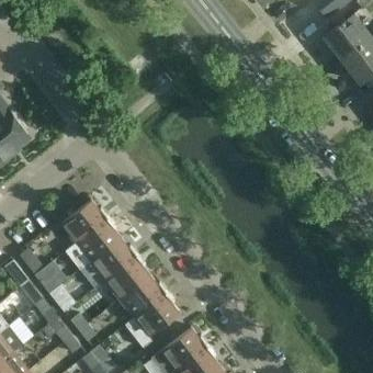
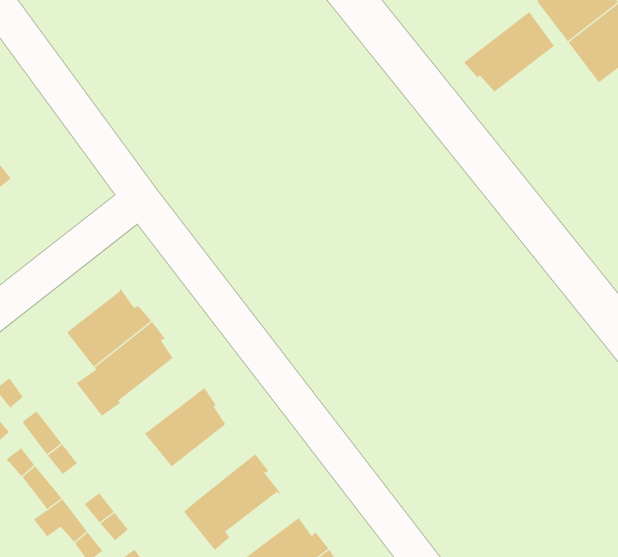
building: none -> [463,11,555,92]
building: [90,238,138,281] -> none
building: [120,275,167,318] -> none

